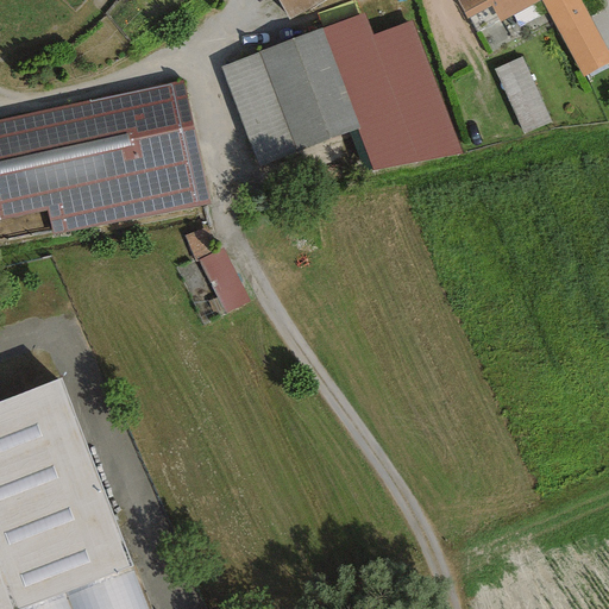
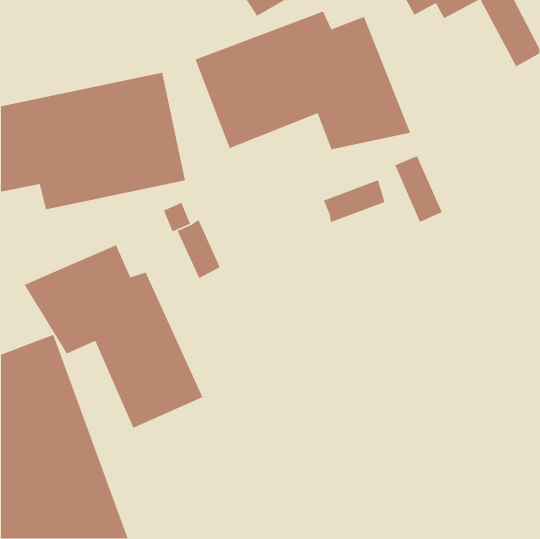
building: [495,58,550,134] -> [394,155,443,223]
building: none -> [323,179,386,223]
building: none -> [23,244,204,429]

